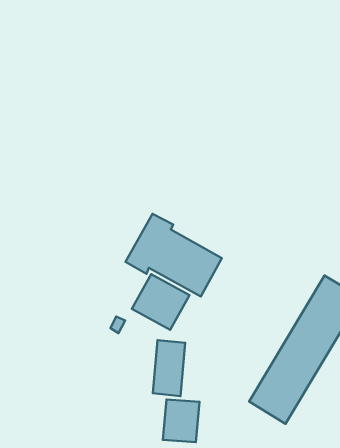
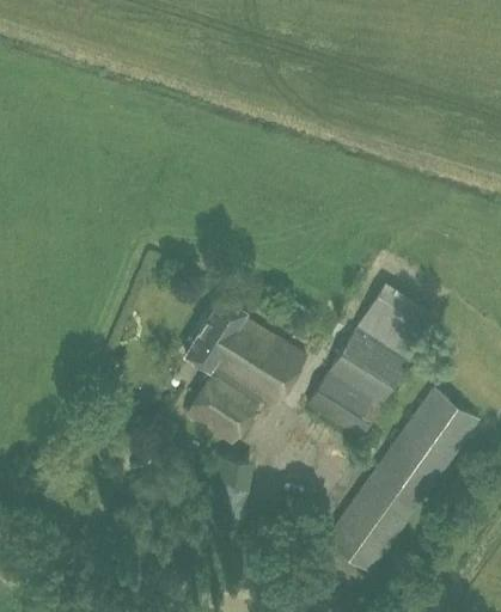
building: none -> [307,283,439,439]
building: [163,399,200,442] -> none

